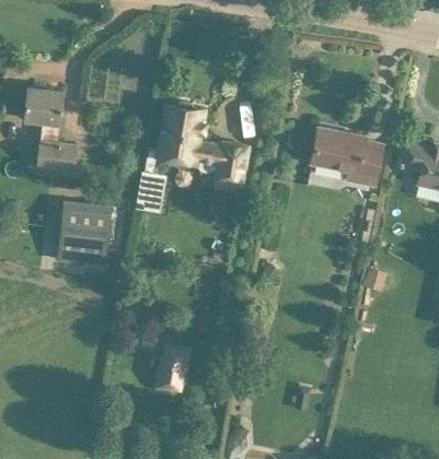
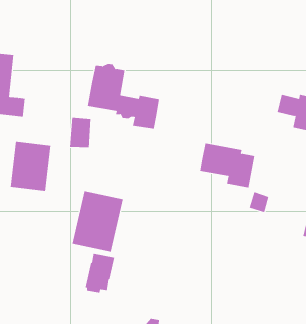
building: [312,127,383,185] -> [200,143,255,188]
building: none -> [72,190,123,253]

